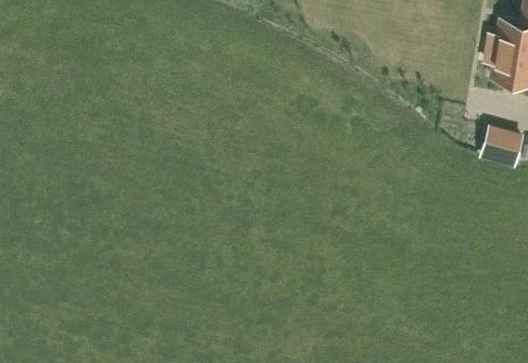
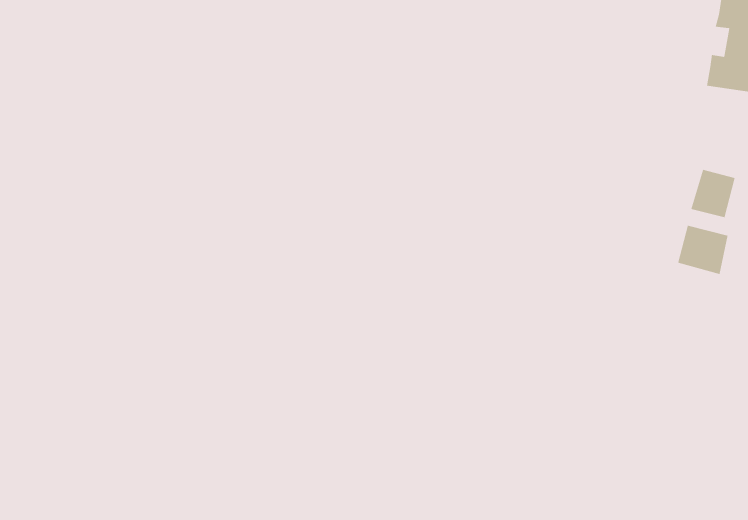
building: none -> [677,225,728,275]

